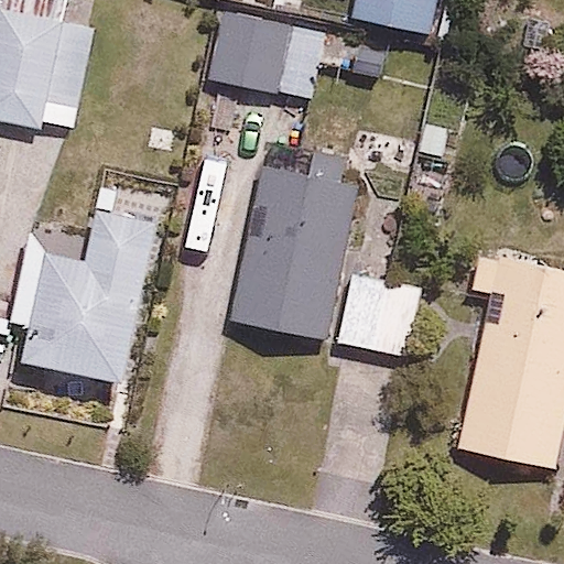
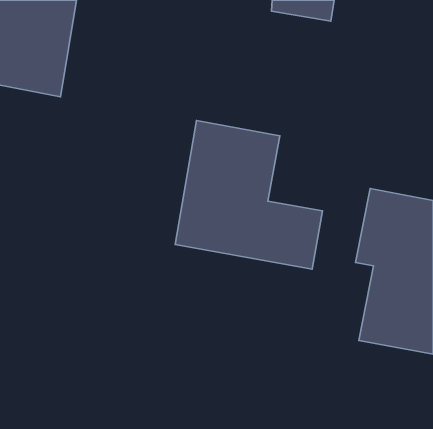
building: [212,11,324,98] -> none
building: [25,205,156,382] -> none

